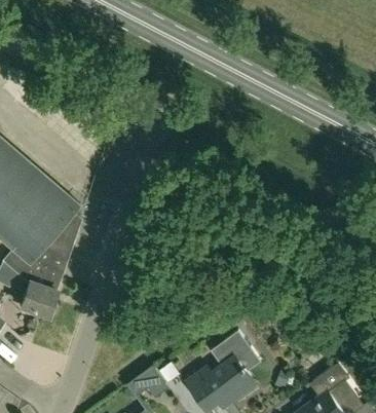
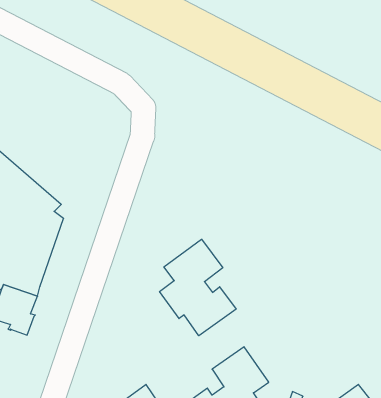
building: none -> [160,239,236,336]

